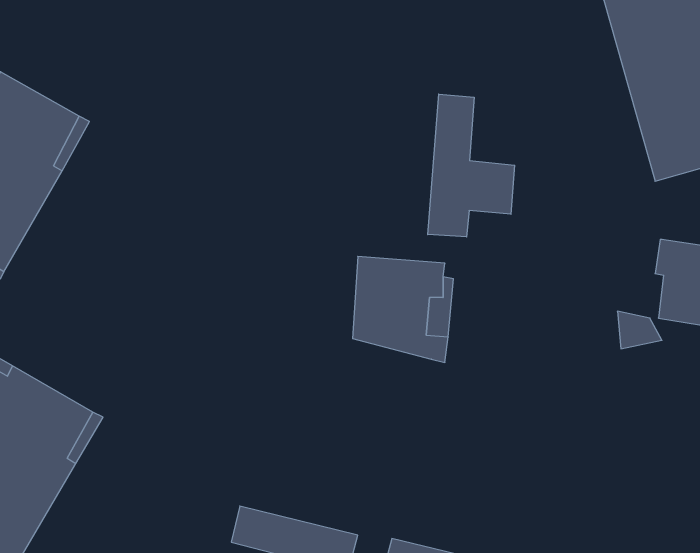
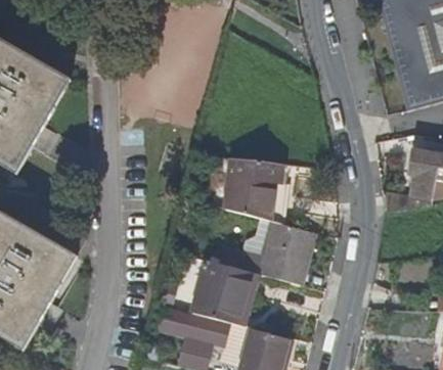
building: [428,94,515,237] -> none
building: none -> [260,220,316,282]
building: none -> [191,258,254,322]

